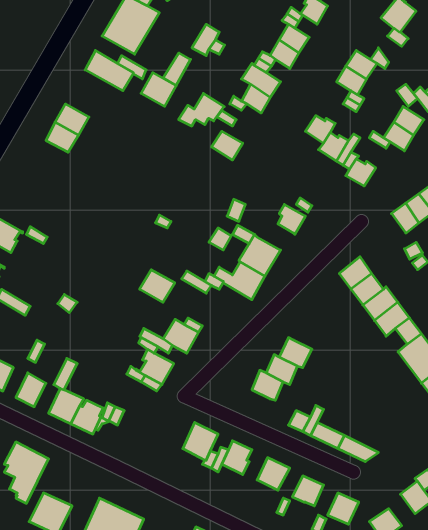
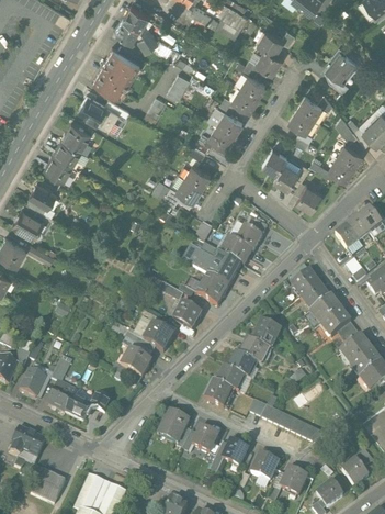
building: [141,73,176,106] -> [61,123,91,152]
building: [179,93,224,126] -> [163,177,202,204]
building: none -> [26,182,56,213]
building: none -> [13,209,44,238]
building: none -> [223,237,253,265]
building: [140,270,175,302] -> [173,301,203,328]
building: none -> [253,320,281,349]
building: none -> [205,379,234,407]

